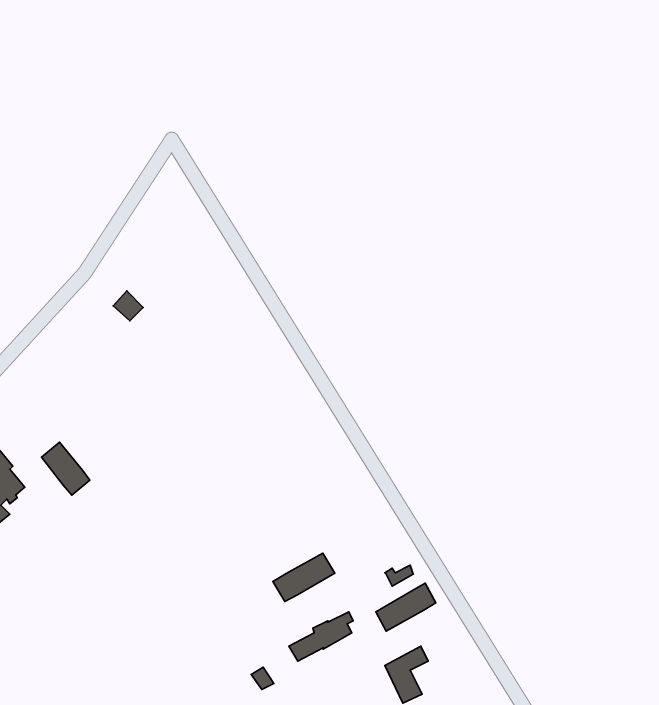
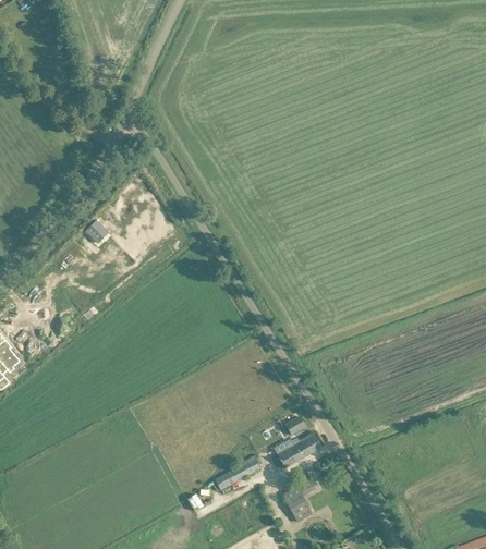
building: [41,442,90,495] -> none
building: [273,553,335,601] -> none

